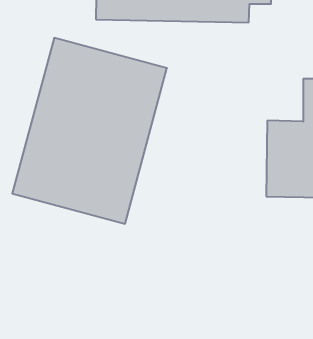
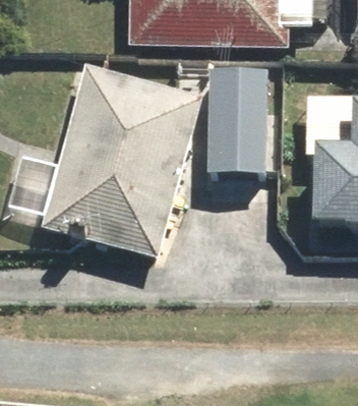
building: none -> [205,71,267,177]

